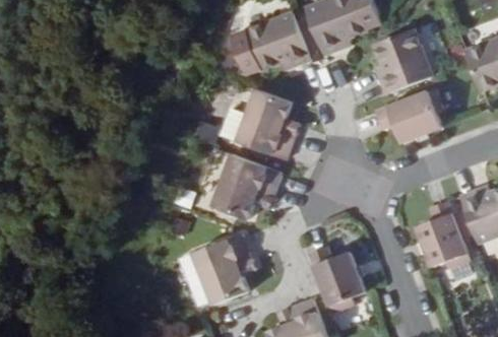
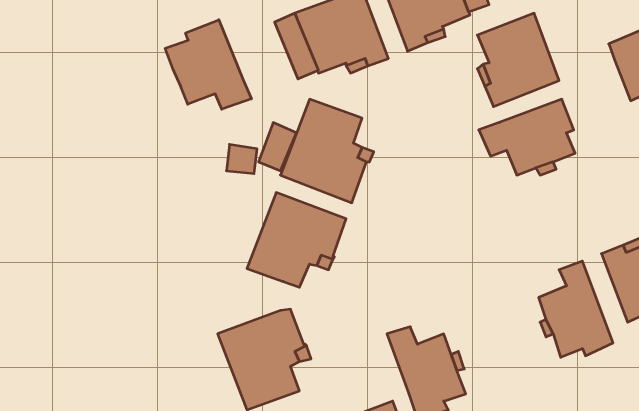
building: none -> [165,20,251,109]

